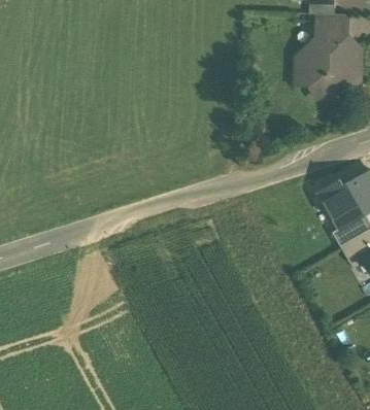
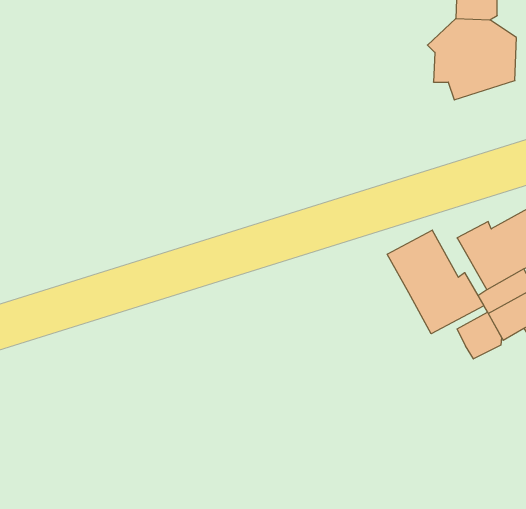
building: none -> [387,230,484,334]
building: none -> [457,312,502,359]

